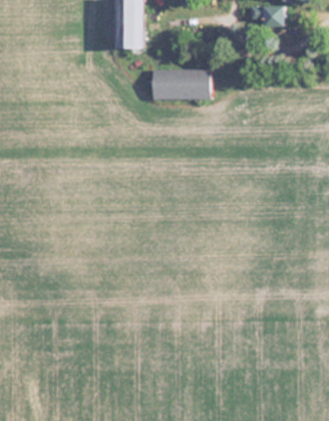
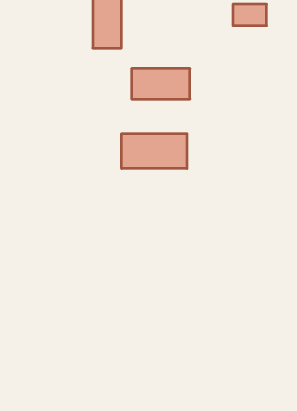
building: none -> [122,134,187,169]

